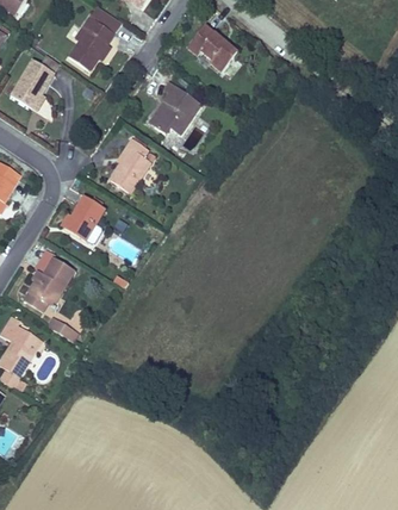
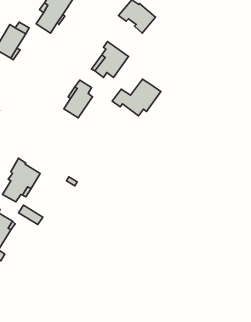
building: none -> [112,79,161,116]
building: [61,192,108,240] -> none

